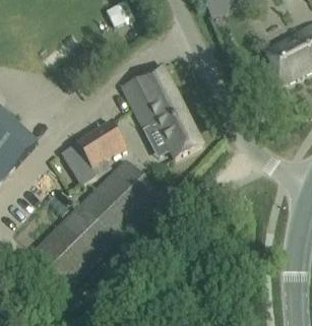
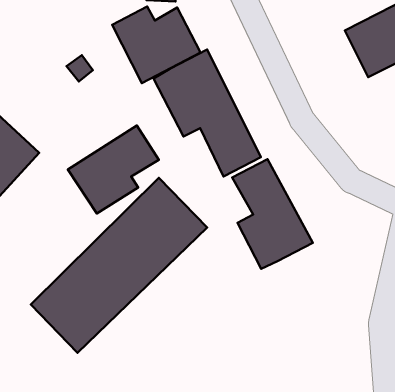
building: none -> [112,6,201,83]
building: none -> [232,159,313,269]

